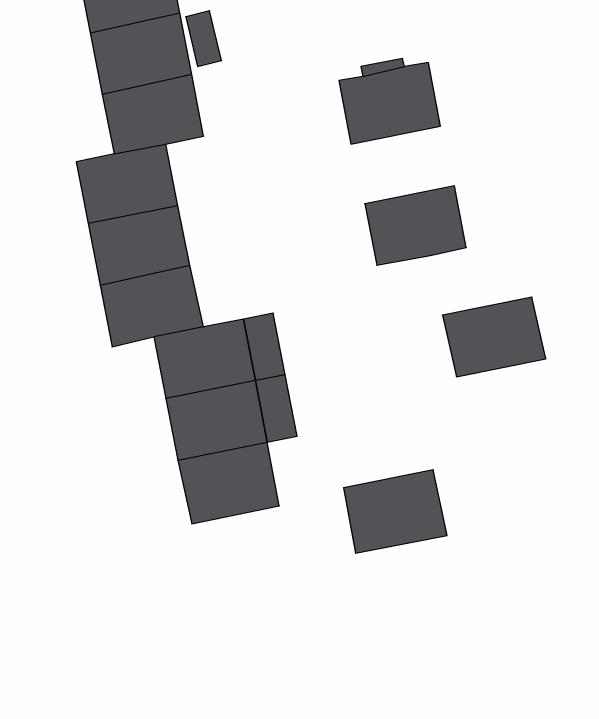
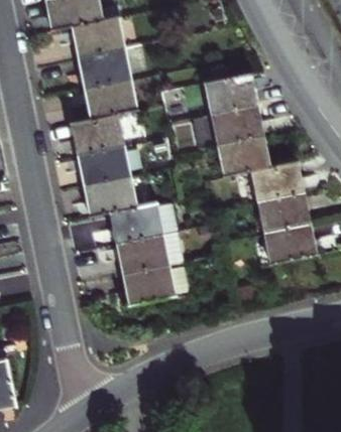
building: none -> [192,105,263,148]
building: none -> [251,160,303,200]
building: [344,470,447,553] -> [264,223,317,265]

